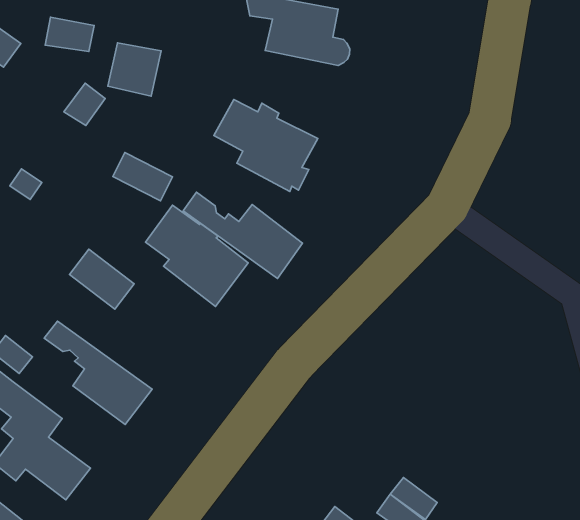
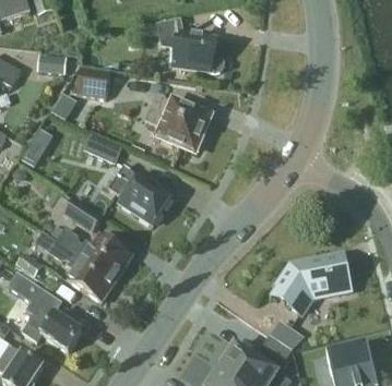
building: [183,192,303,279] -> [56,228,131,278]
building: none -> [269,253,351,314]

